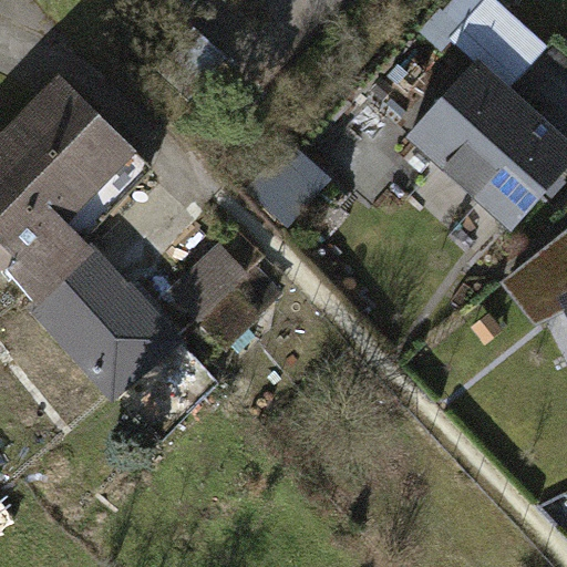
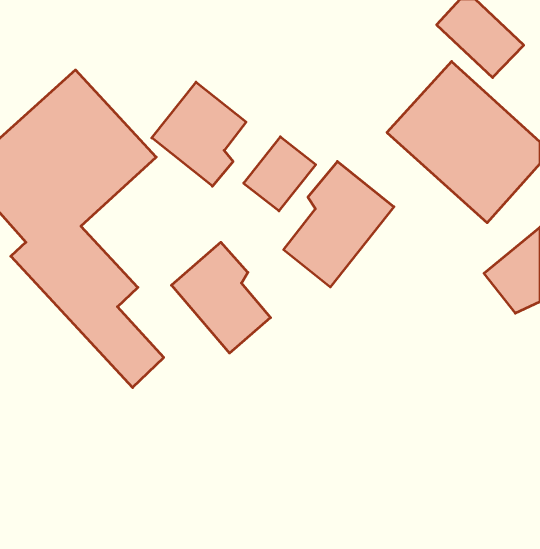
building: none -> [152,82,246,186]
building: none -> [284,161,394,287]

